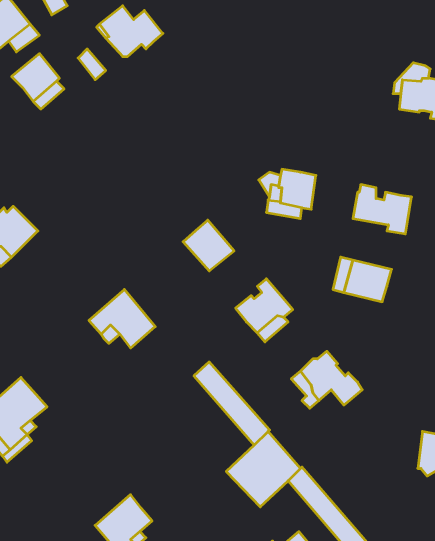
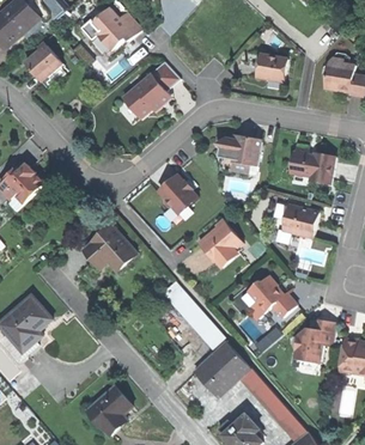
building: none -> [256,55,286,80]
building: none -> [122,61,178,117]
building: none -> [292,319,335,362]

